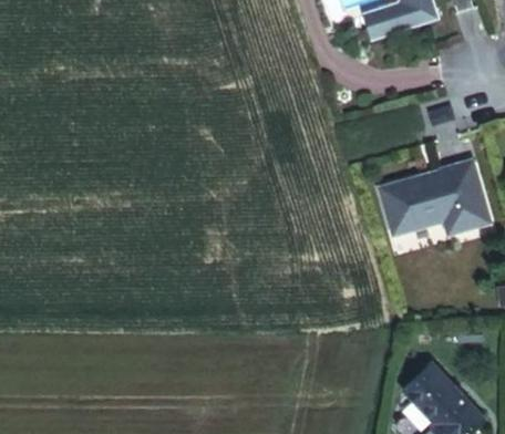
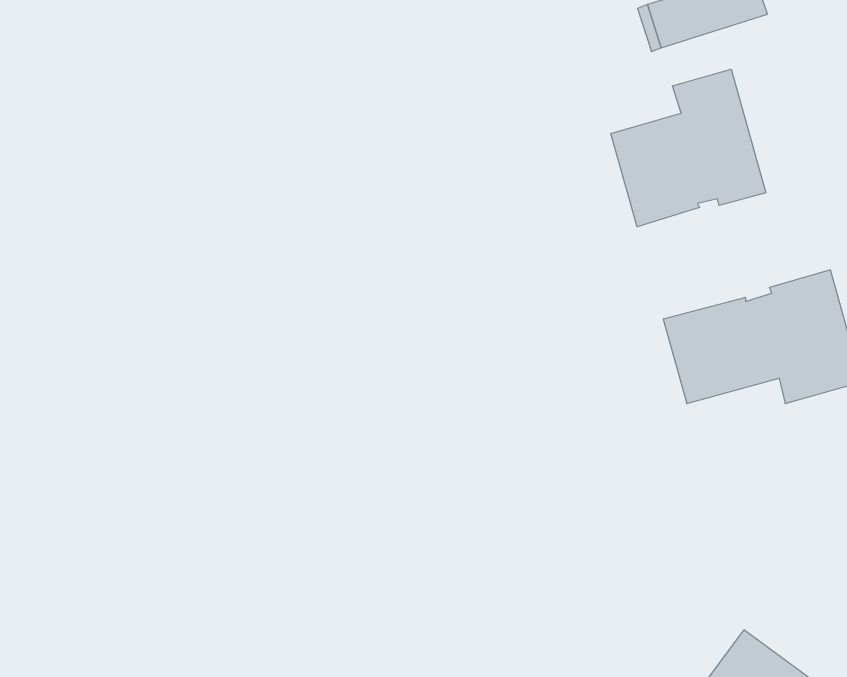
building: none -> [611,69,766,227]

